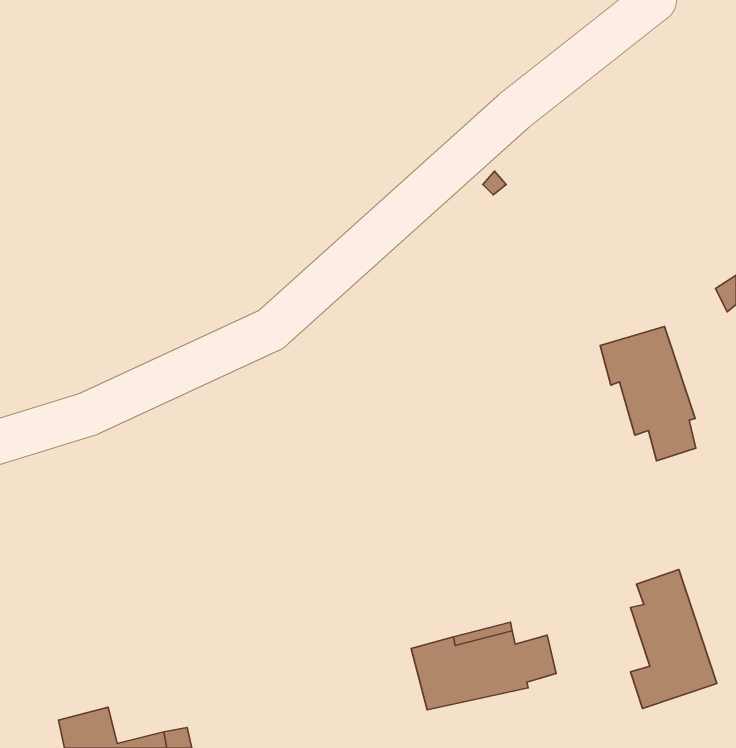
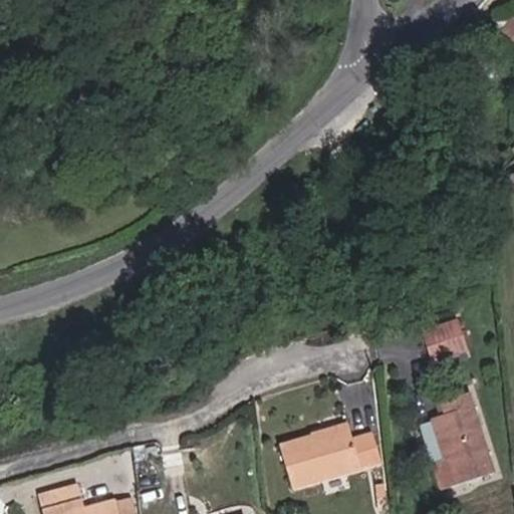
building: [600,327,696,461] -> none
building: none -> [423,321,464,358]

